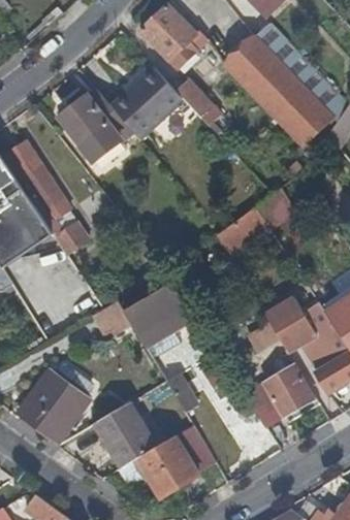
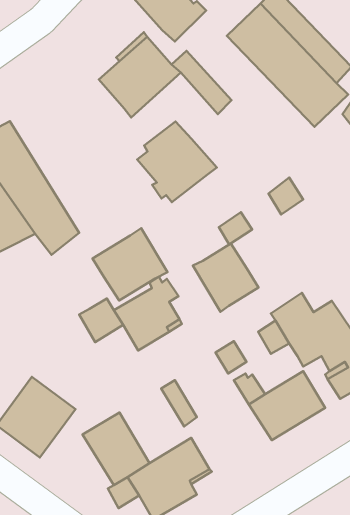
building: [62,89,133,161] -> [137,121,217,202]
building: none -> [93,228,168,301]
building: none -> [193,243,259,312]

